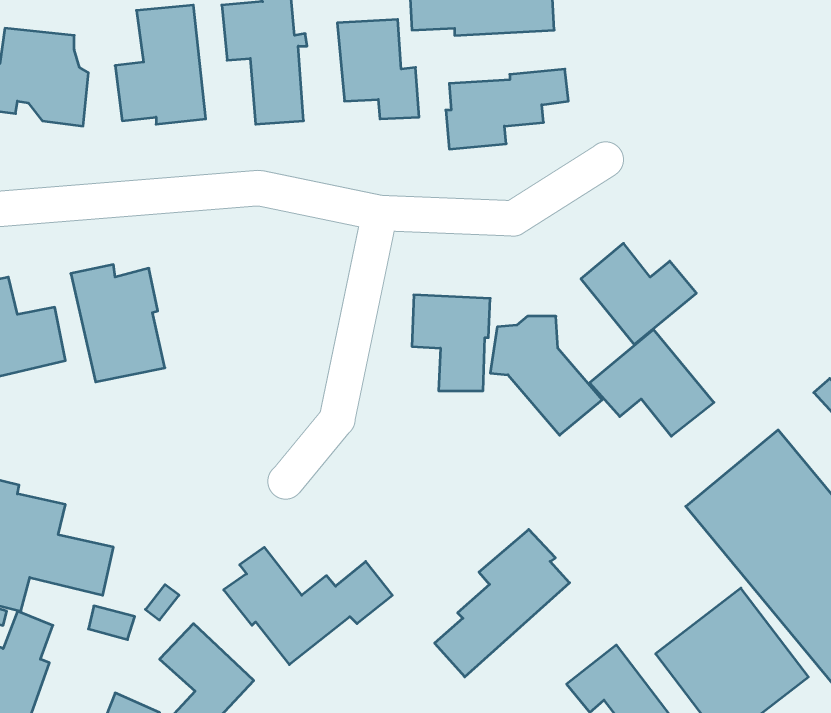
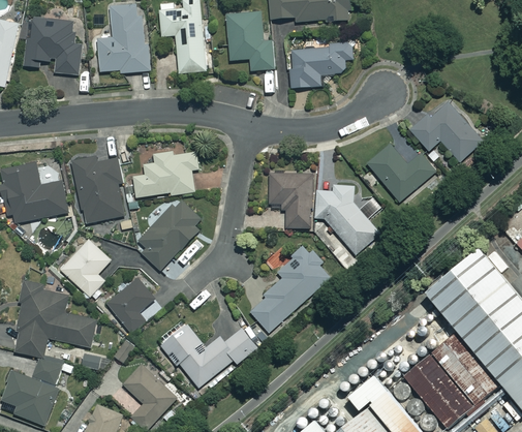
building: none -> [132,152,198,197]
building: [589,330,714,436] -> [410,99,483,161]
building: none -> [137,197,201,271]
building: none -> [60,239,111,297]
building: none -> [106,277,155,333]
building: [435,529,570,677] -> [250,246,329,332]

